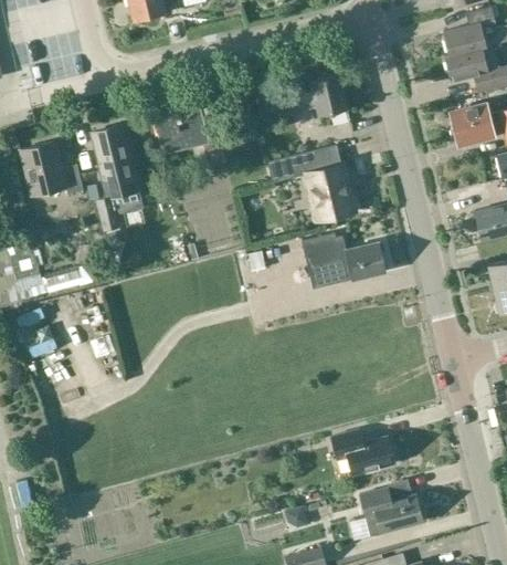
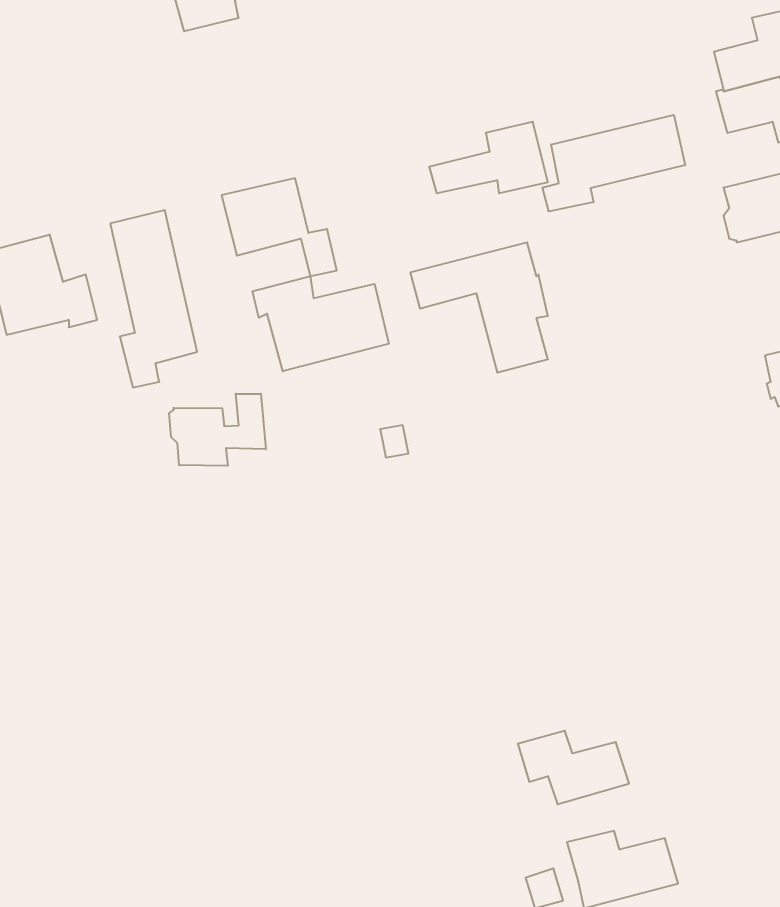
building: none -> [543,115,685,211]
building: none -> [252,276,389,371]
building: [303,232,387,282] -> none
building: none -> [169,394,266,466]

